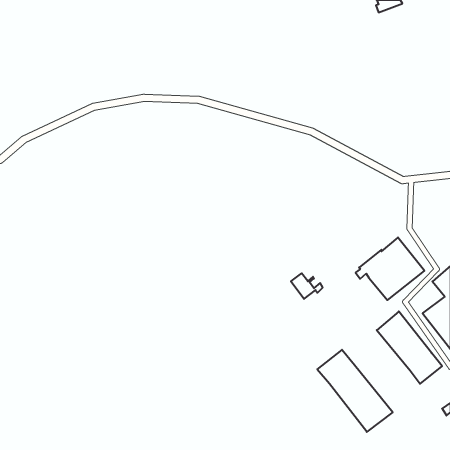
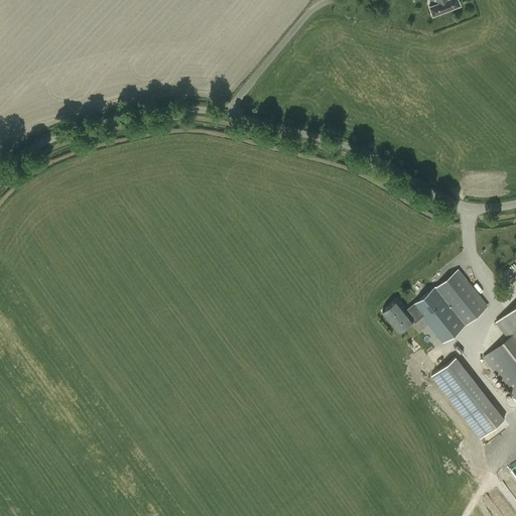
building: [291,273,323,299] -> [386,302,422,332]
building: [317,350,393,432] -> none

